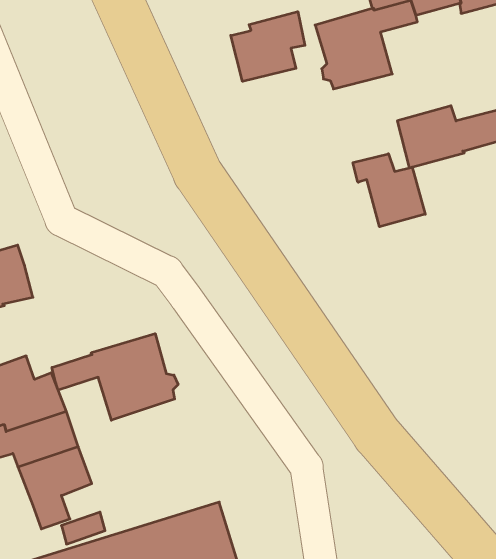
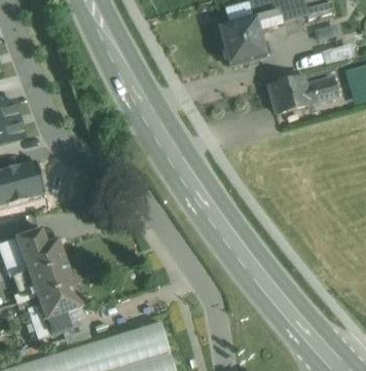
building: [231,12,305,81] -> none
building: [353,154,425,227] -> none
building: [52,334,178,420] -> none

